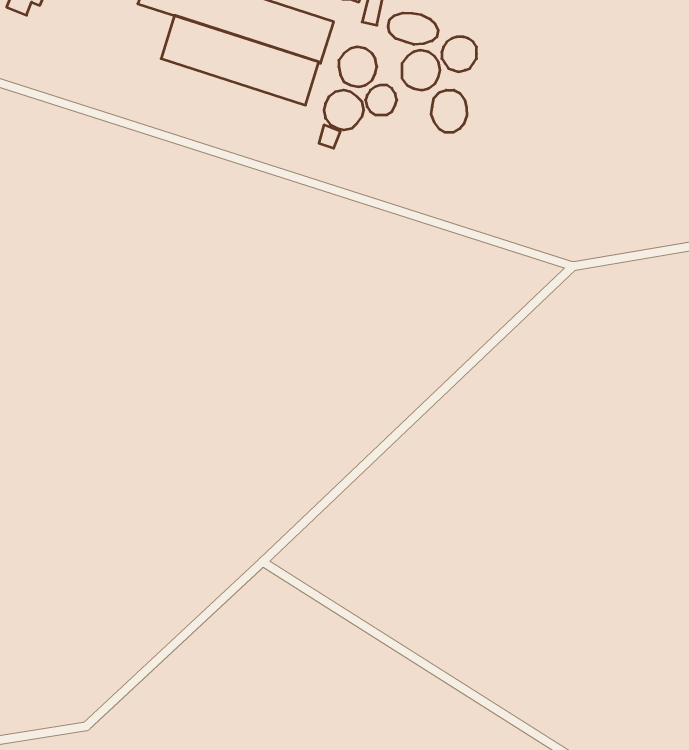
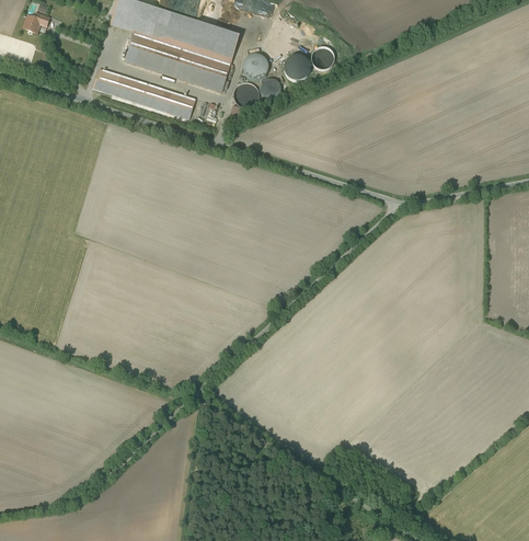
building: [388,13,438,45] -> none
building: none -> [92,67,196,119]
building: [431,90,467,132] -> none

